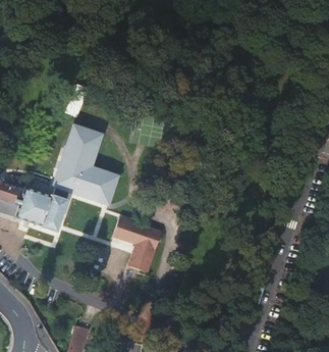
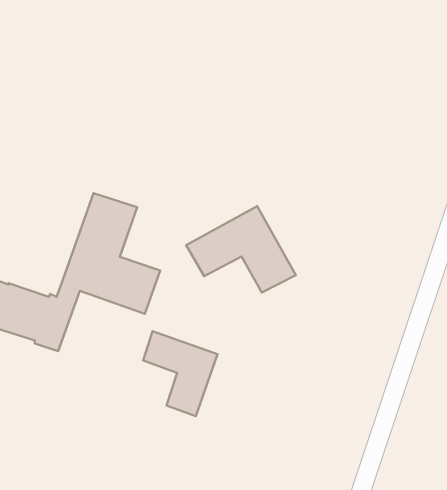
building: none -> [186,206,296,293]

